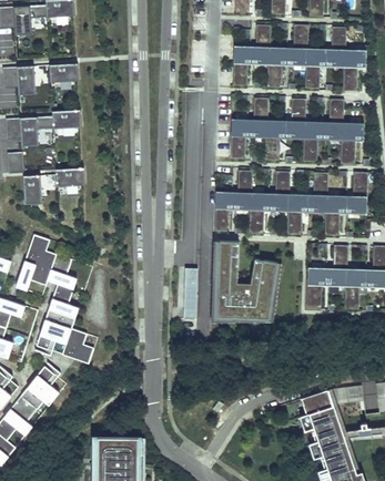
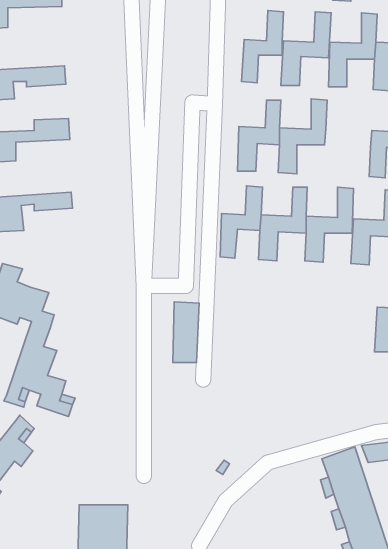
building: [303,98,344,160] -> none
building: [210,239,281,321] -> none
building: [306,245,347,308] -> none

